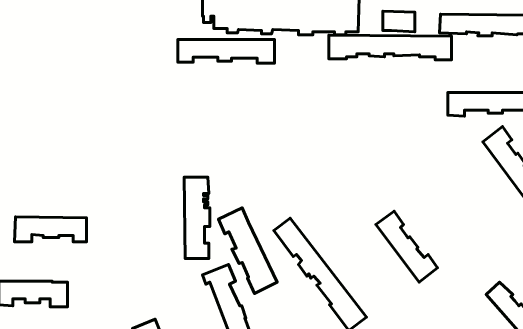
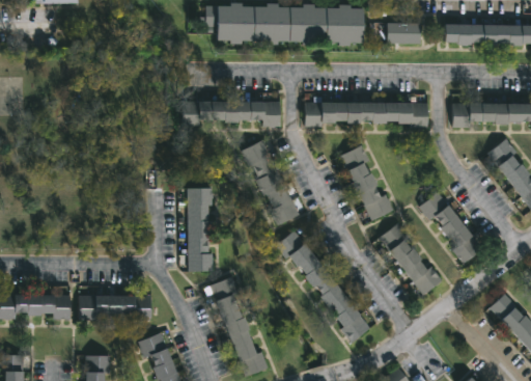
building: [329,35,452,60] -> [306,103,429,128]
building: [178,40,275,63] -> [183,102,280,126]
building: none -> [341,145,394,222]
building: none -> [421,193,486,265]
building: [219,208,277,294] -> [241,139,300,225]
building: [14,217,87,242] -> [79,294,151,319]

